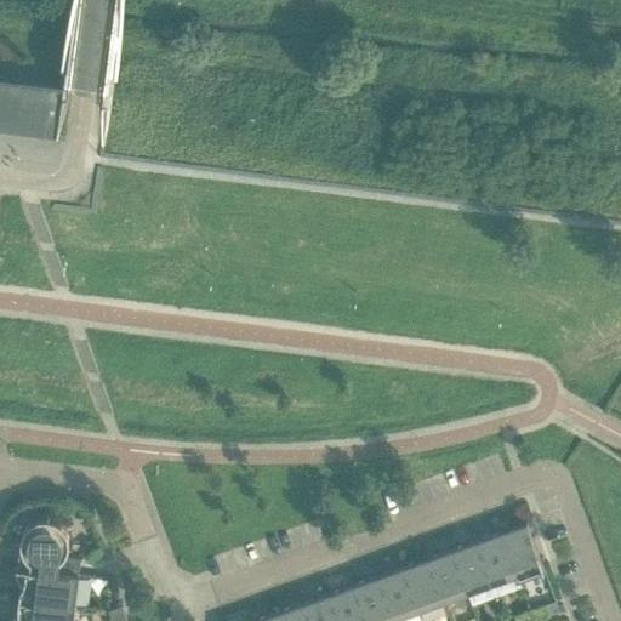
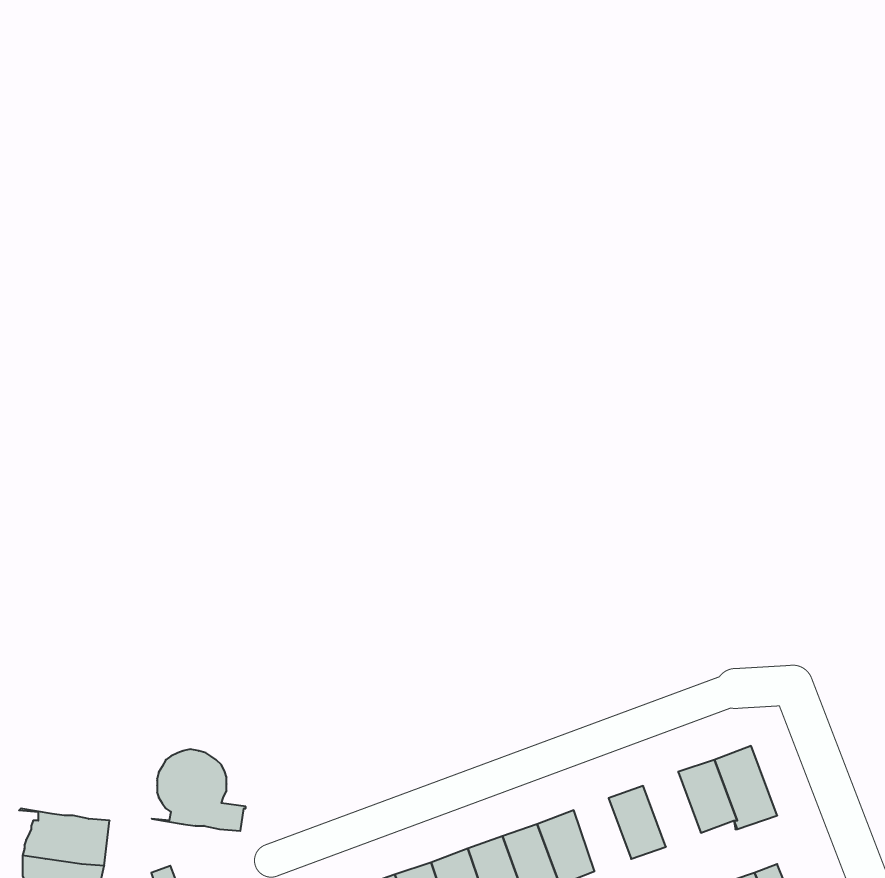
building: [15,523,80,580] -> [152,749,246,831]
building: [449,546,489,598] -> none
building: [400,564,440,615] -> none

